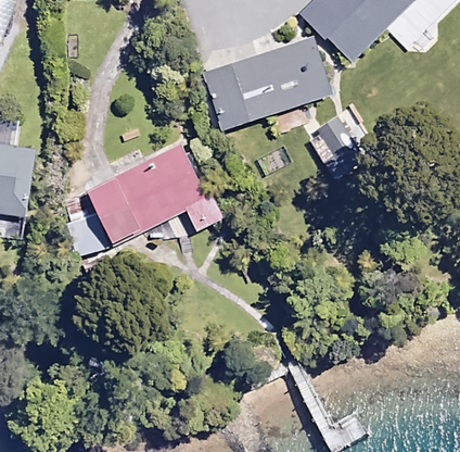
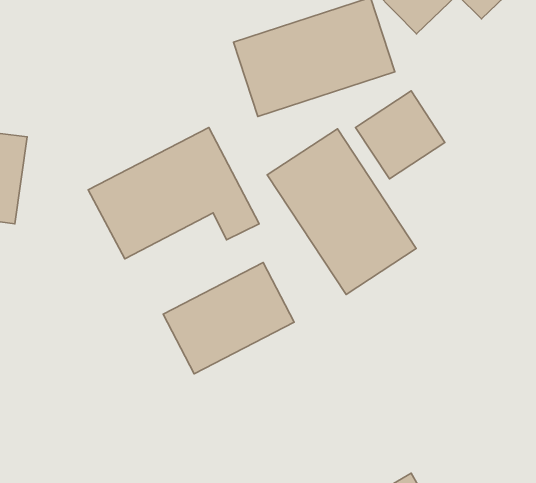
building: none -> [267,129,416,295]
building: none -> [163,262,294,374]

